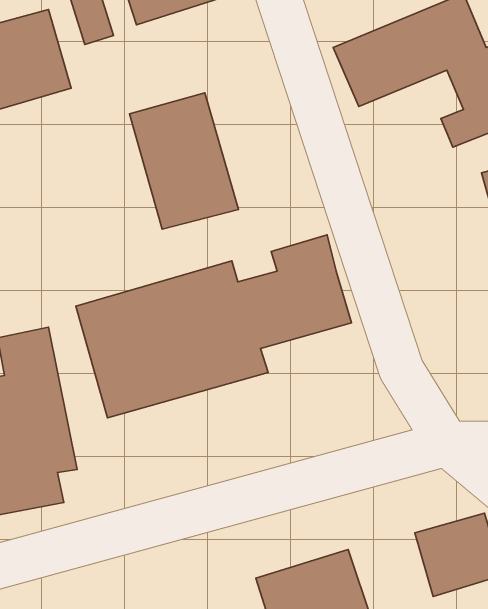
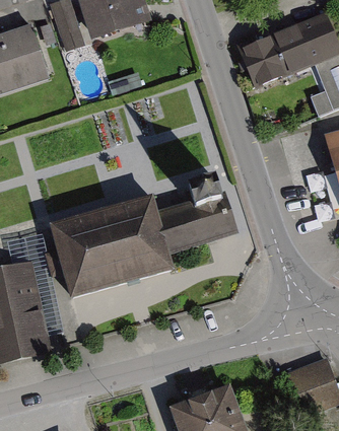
building: [130,93,238,229] -> none

